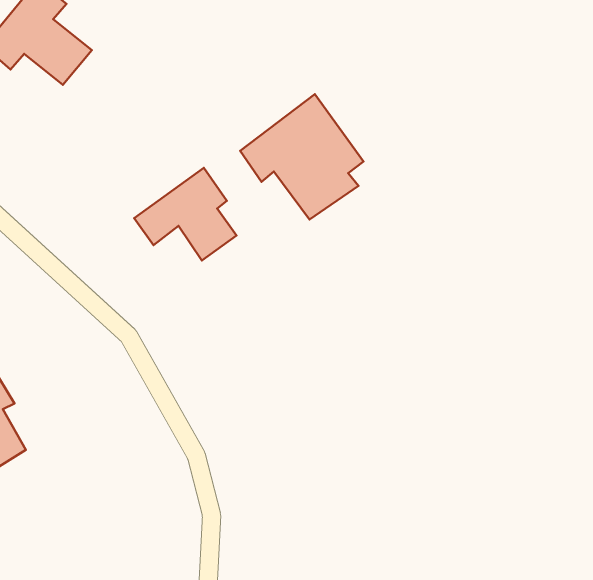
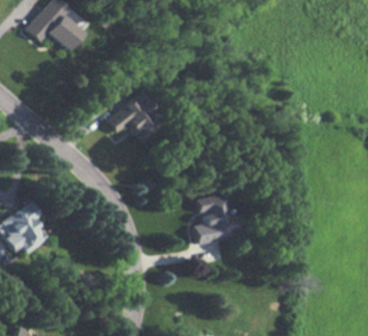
building: [240,94,364,220] -> none
building: none -> [196,193,242,246]

